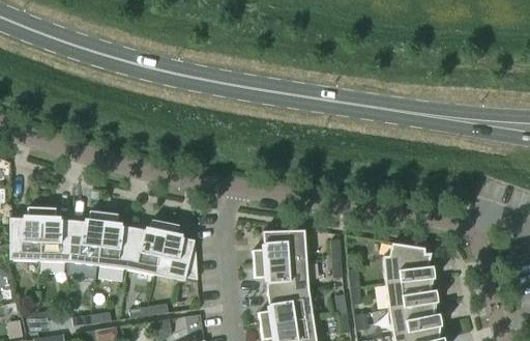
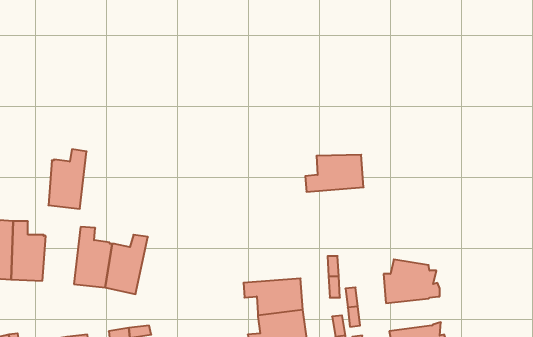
building: [68,210,104,265] -> [48,149,87,209]
building: [154,222,198,281] -> none
building: [253,230,306,264] -> [305,155,364,192]
building: [385,277,438,309] -> none

